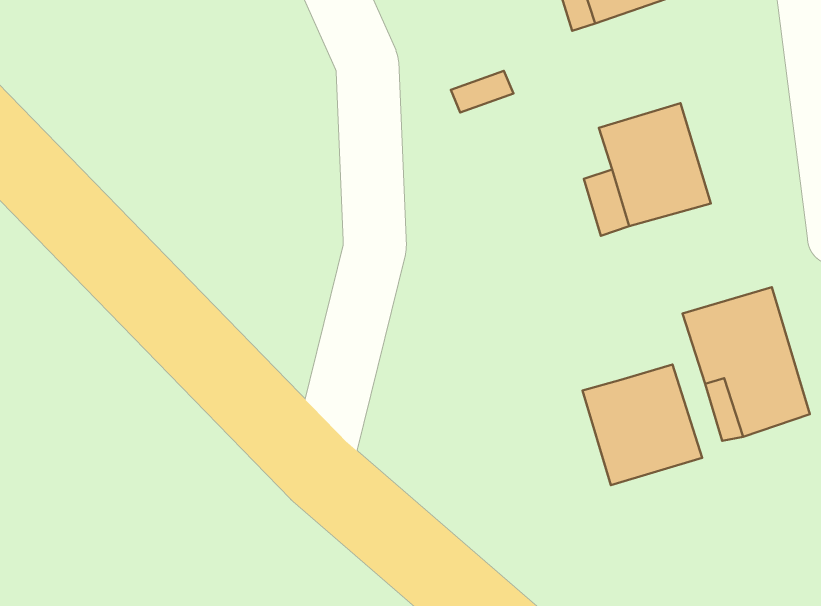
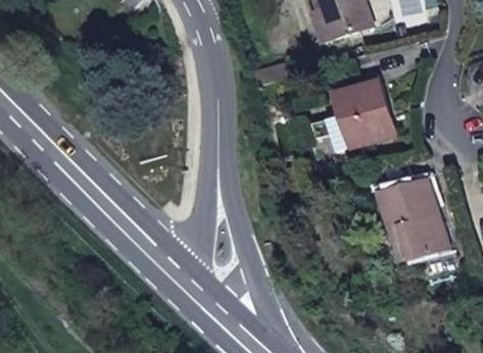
building: [583,364,702,485] -> none

